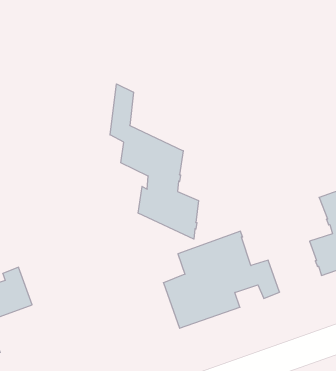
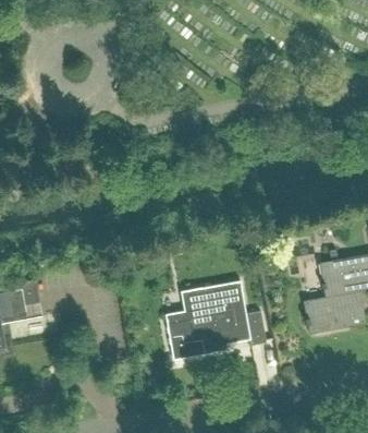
building: [110,84,199,239] -> none

